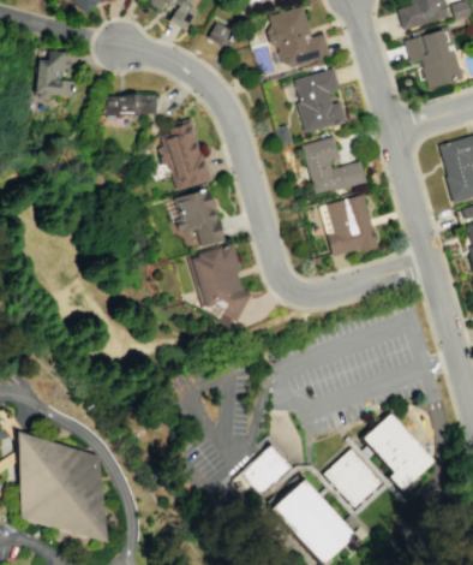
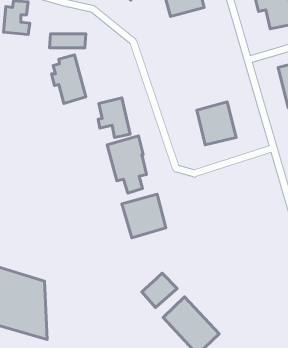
building: [294,69,347,133] -> none
building: [160,120,210,191] -> [51,55,86,103]
building: [303,137,366,195] -> none
building: none -> [122,194,166,238]
building: [361,414,433,490] -> none
building: [324,448,384,508] -> none

